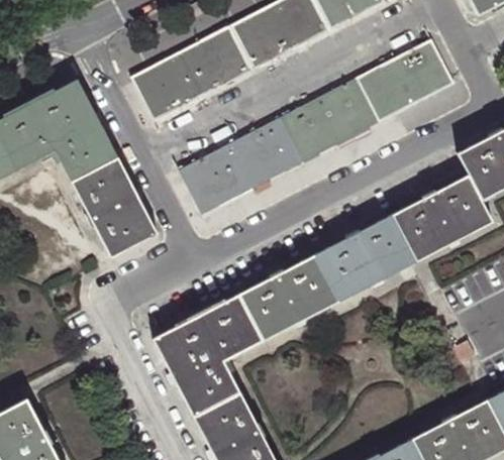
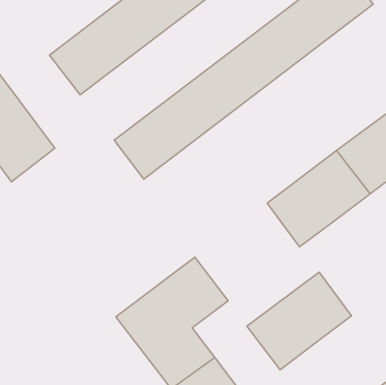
building: [74,166,162,269] -> none
building: [238,254,341,342] -> [247,272,352,370]

